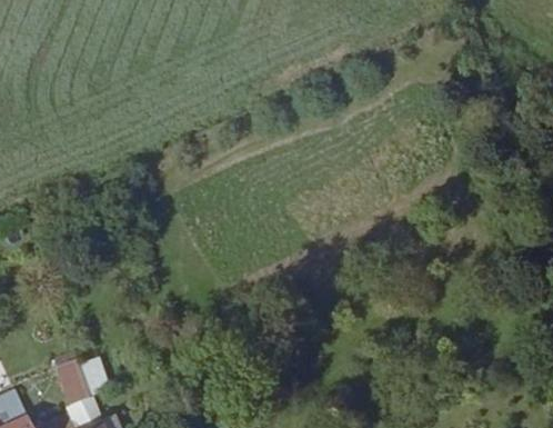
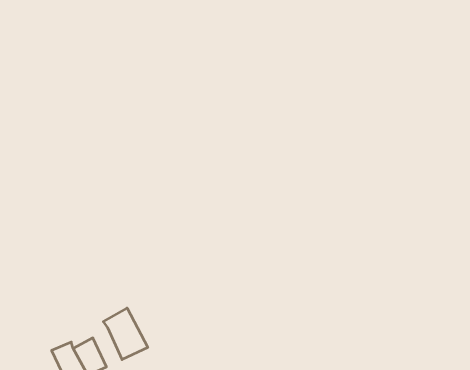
building: none -> [103,308,148,360]

